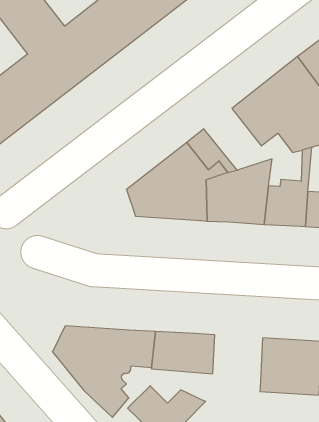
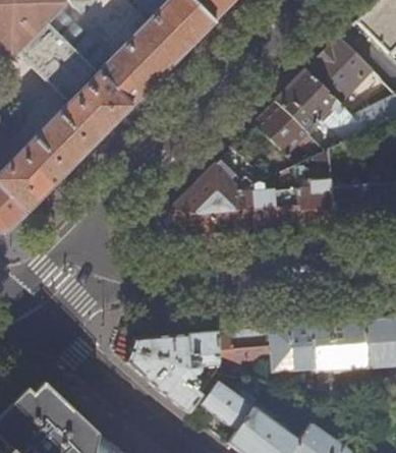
building: none -> [270,324,317,372]

